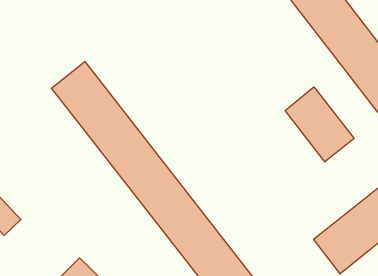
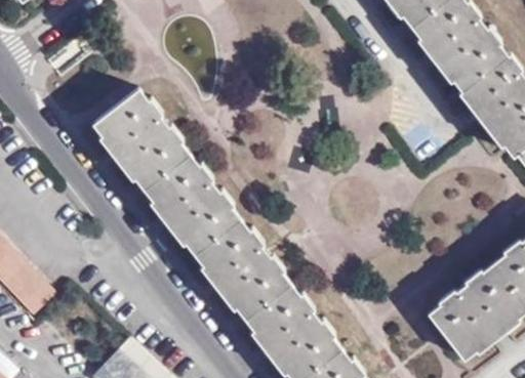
building: [285,87,354,162] -> none

